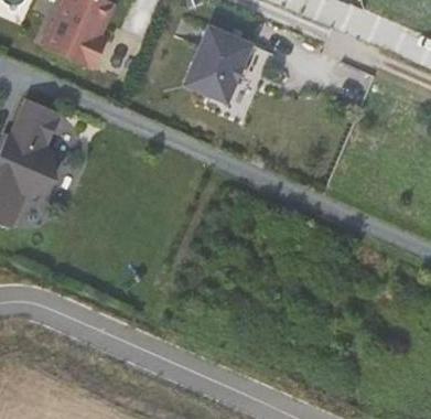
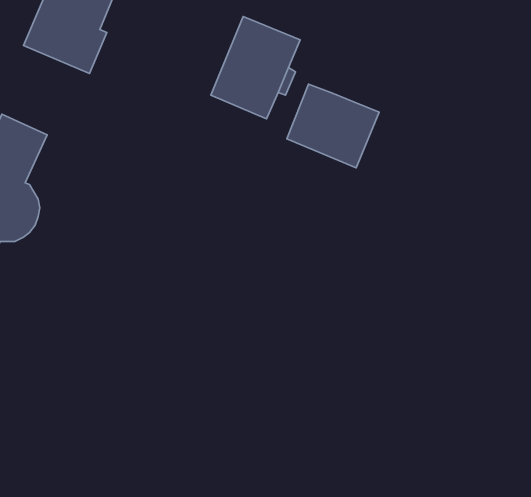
building: none -> [287,84,379,168]

